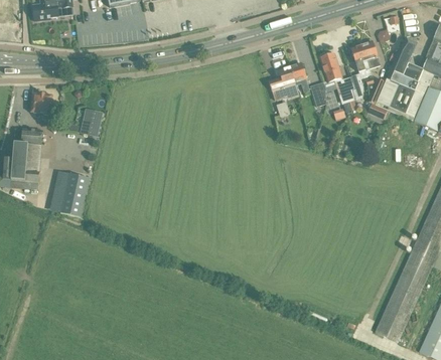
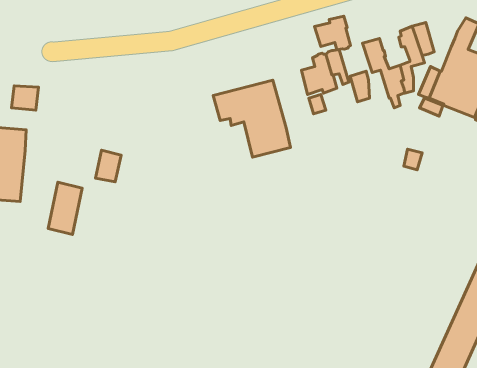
building: none -> [314,16,351,50]
building: none -> [213,80,291,157]
building: [81,109,102,135] -> [96,150,121,182]

